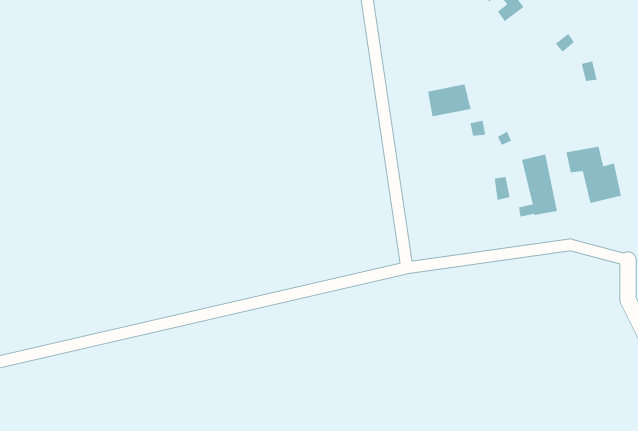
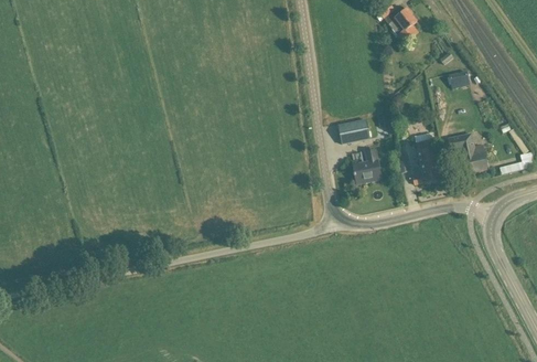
building: [427,84,471,117] -> [339,119,370,143]
building: none -> [353,149,382,182]

